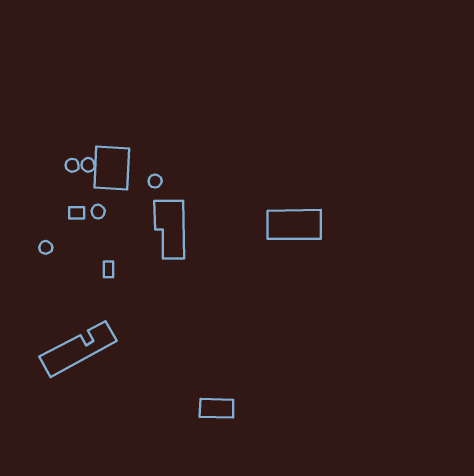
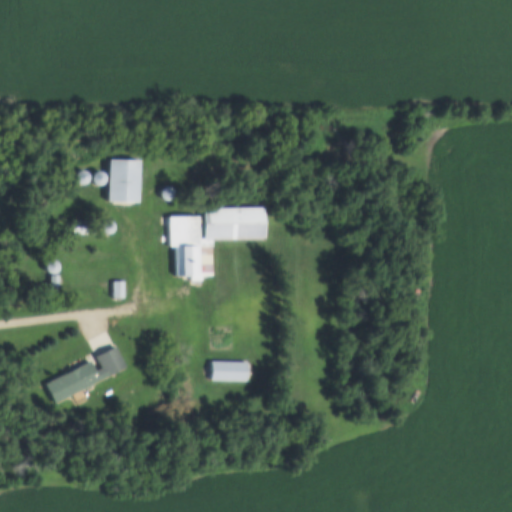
building: [268,210,321,239] -> [209,208,266,239]
building: [200,399,233,418] -> [212,362,248,382]

